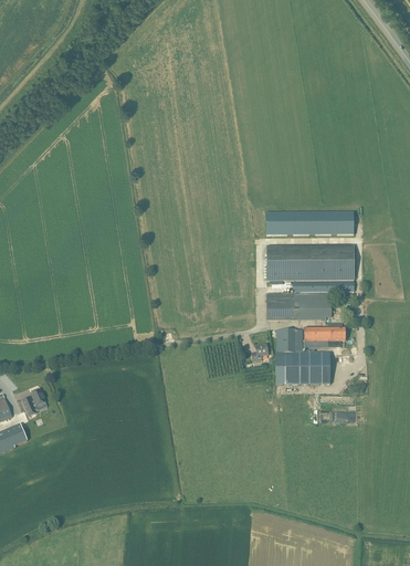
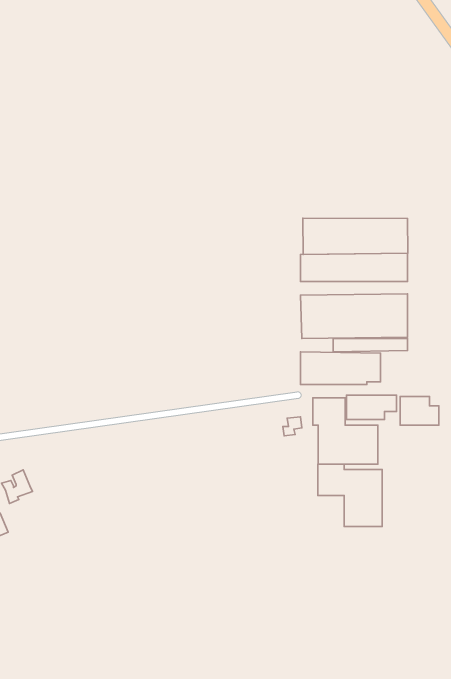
building: none -> [303,218,408,254]
building: none -> [400,396,439,425]
building: none -> [318,464,382,527]

